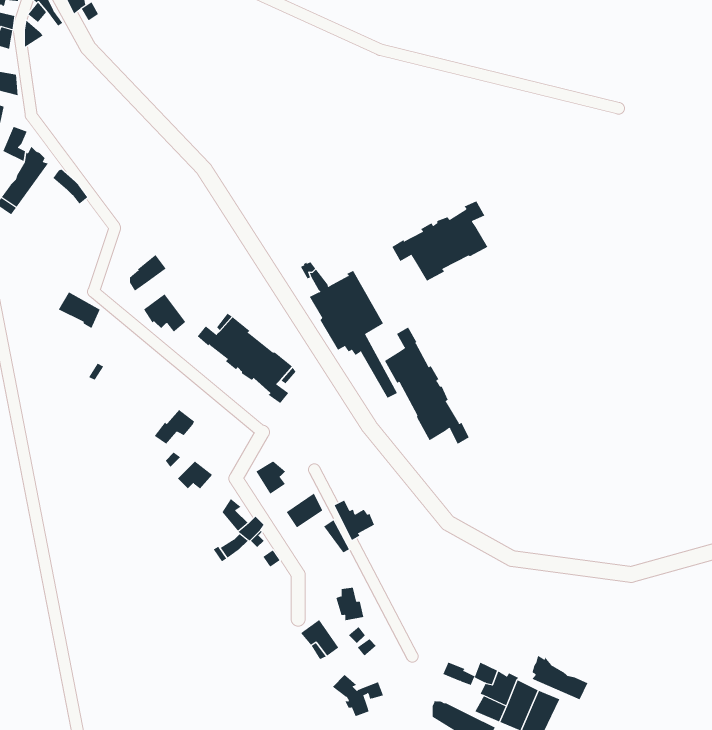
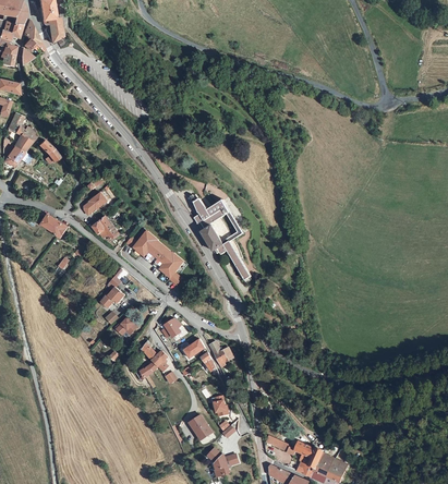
building: [392,201,488,281] -> none
building: [384,327,469,445] -> none
building: [532,655,588,700] -> none

